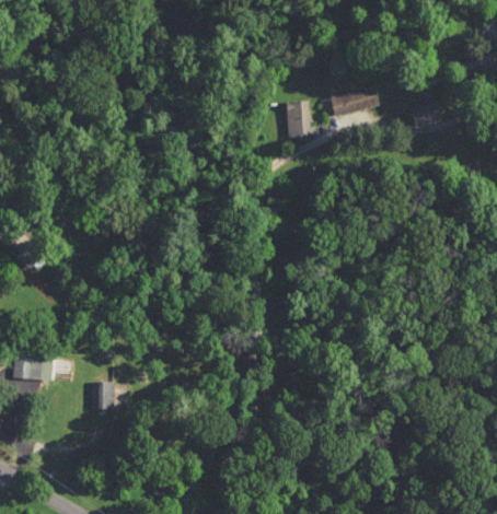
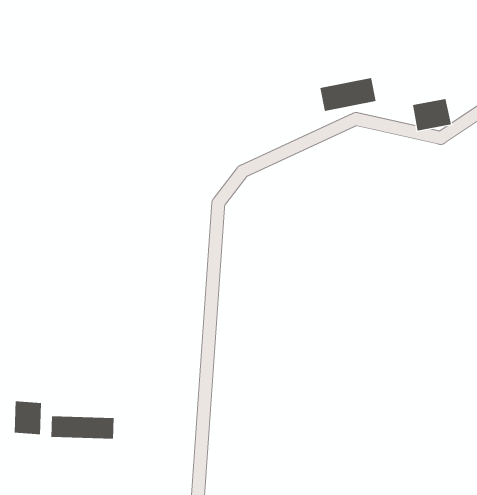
building: [285,102,309,137] -> none
building: none -> [51,415,114,440]

